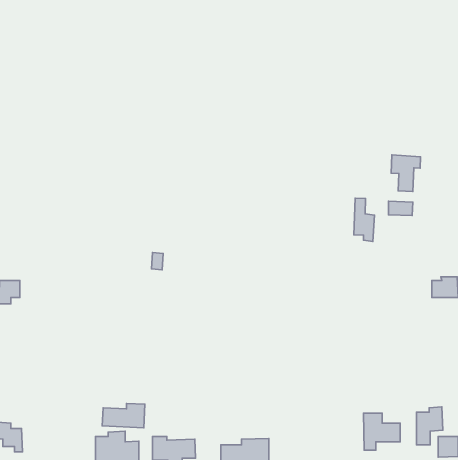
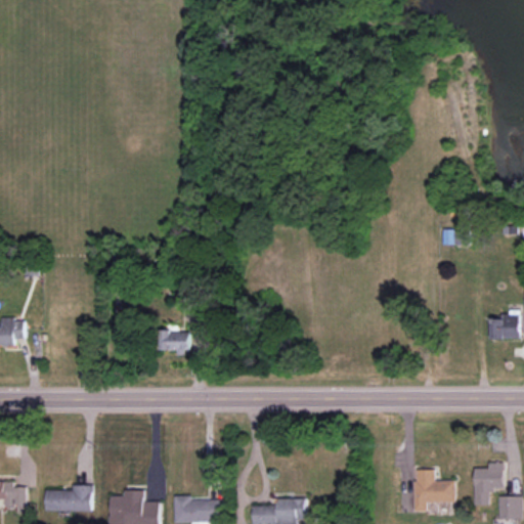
building: [391,155,421,191] -> none
building: [354,198,375,241] -> none
building: none -> [159,332,189,353]
building: [102,403,145,428] -> [43,485,91,513]

